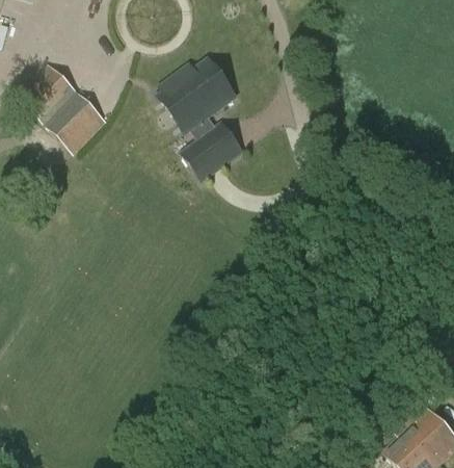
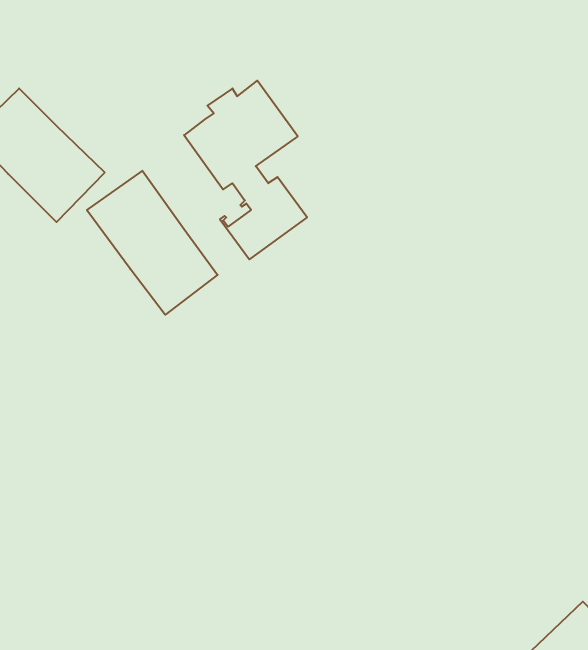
building: none -> [87,171,218,315]

